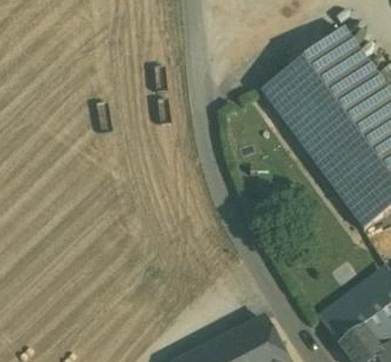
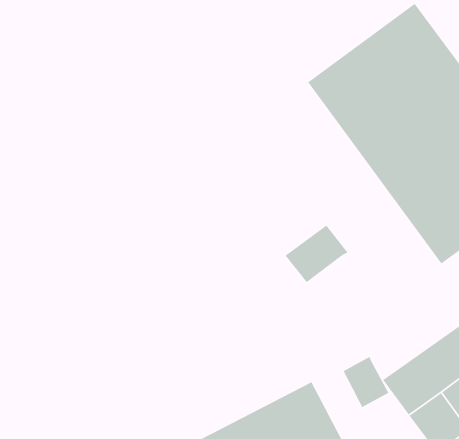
building: none -> [285,224,348,283]
building: none -> [343,356,389,408]

